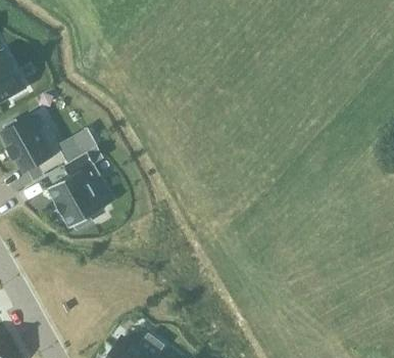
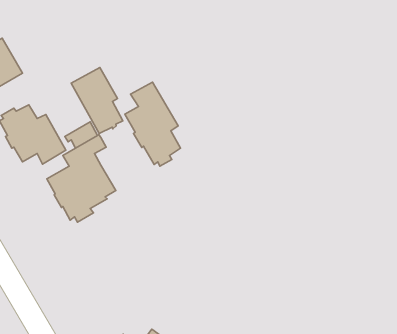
building: none -> [71,67,123,133]
building: none -> [125,82,180,166]

